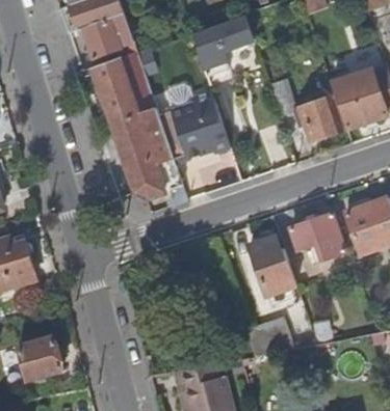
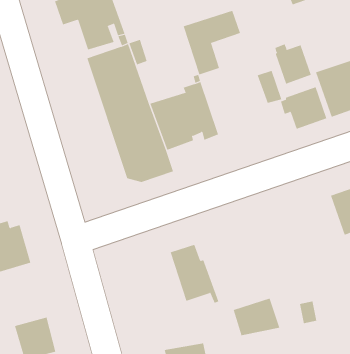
building: none -> [275,43,312,84]
building: [289,212,345,259] -> none
building: [249,238,300,299] -> [170,244,219,303]

